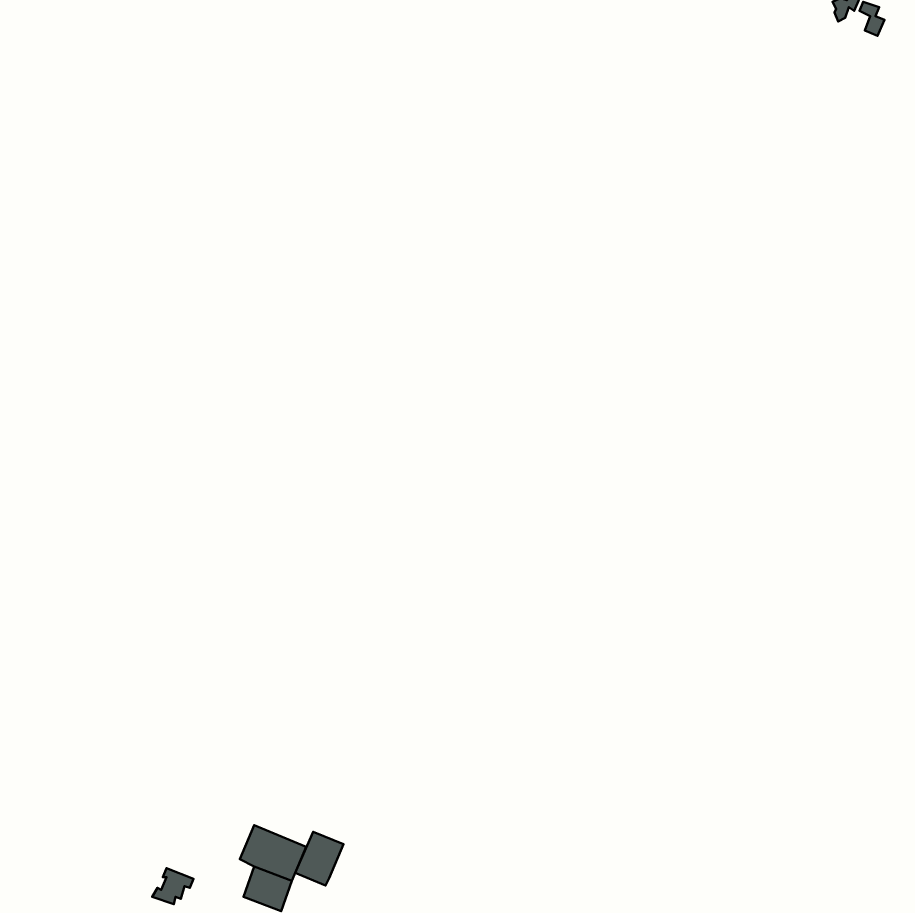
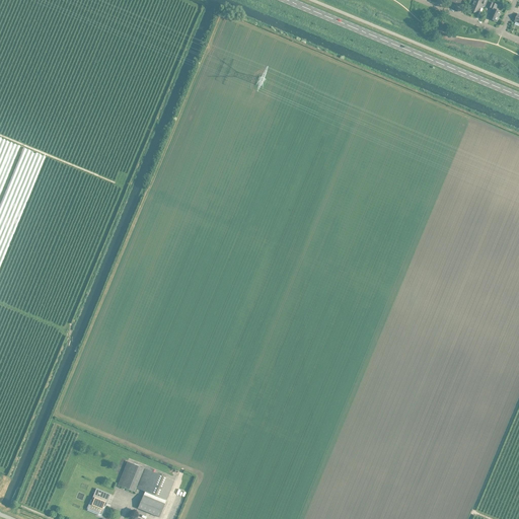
building: [295,832,344,885] -> [117,460,144,491]

